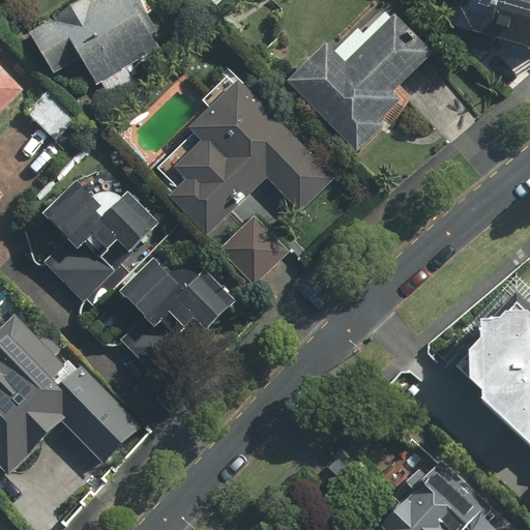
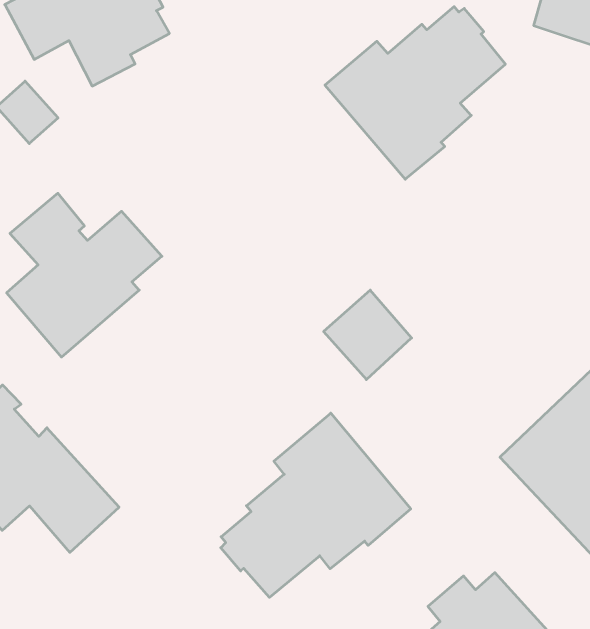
building: [167,78,334,233] -> none
building: [216,212,287,284] -> [324,290,412,380]
building: [117,255,245,378] -> none
building: none -> [221,413,411,597]

